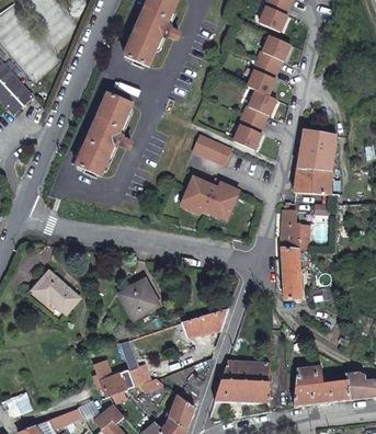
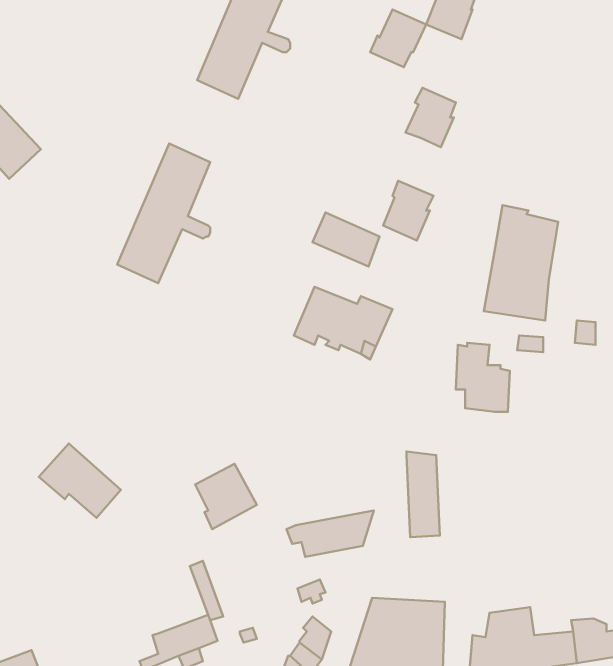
building: [257,35,289,69] -> [370,9,426,67]
building: [242,90,276,124] -> none
building: [282,249,301,299] -> [406,452,440,537]

